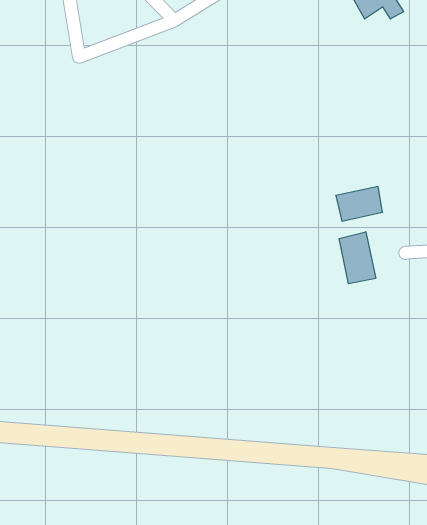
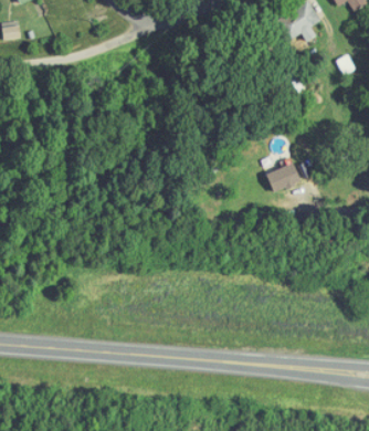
building: [339,232,376,284] -> none

